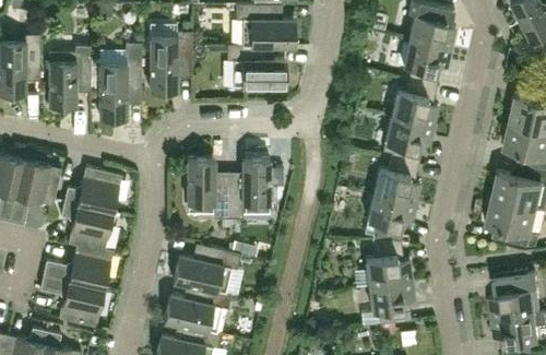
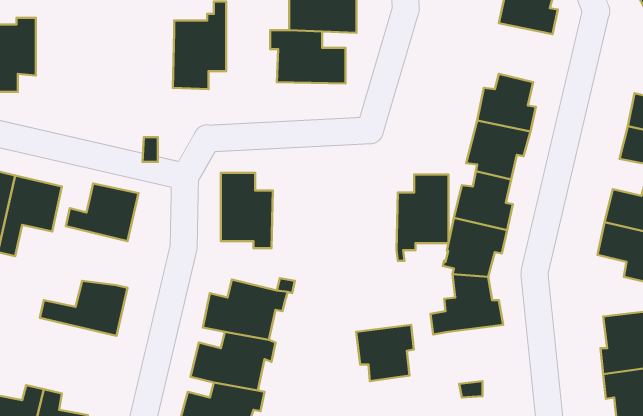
building: [402,39,451,86] -> none
building: [98,44,141,117] -> none
building: [48,46,90,106] -> none
building: [227,158,269,227] -> [396,175,448,261]
building: [60,201,112,248] -> none
building: [39,274,104,327] -> none
building: [368,280,414,324] -> [356,325,414,381]

